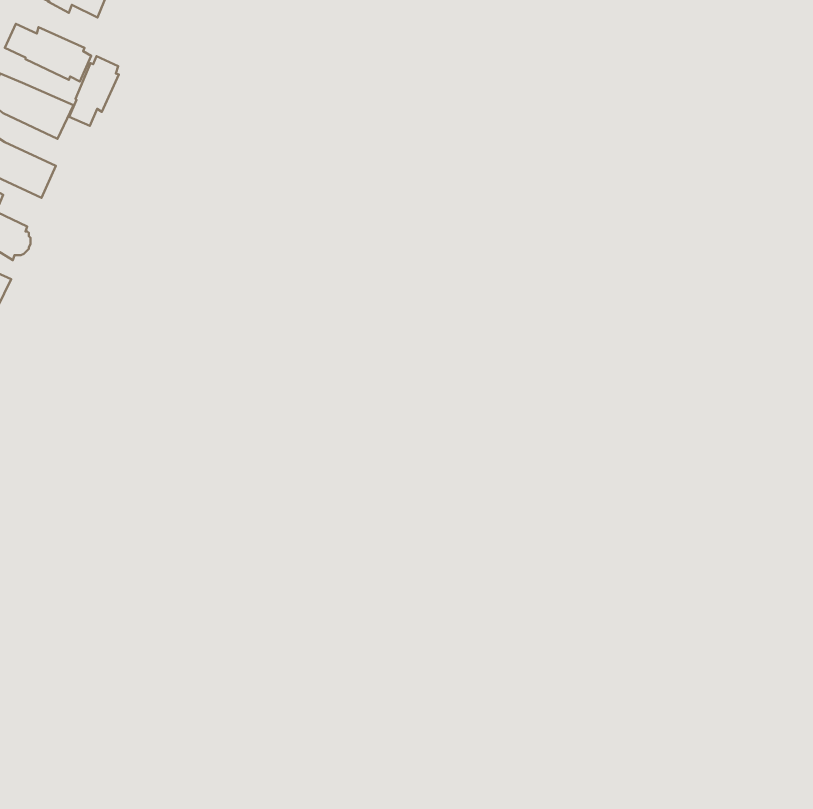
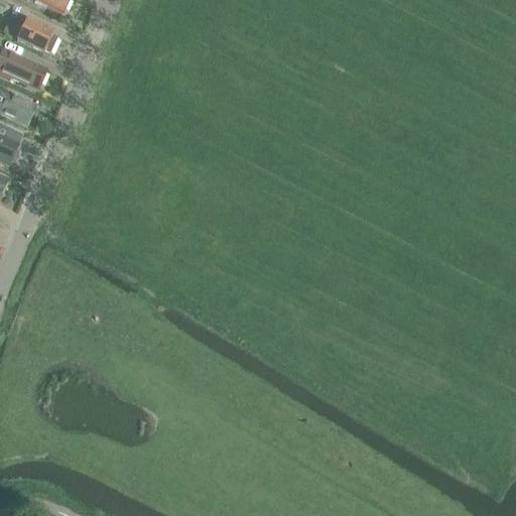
building: [69,56,119,126] -> none

